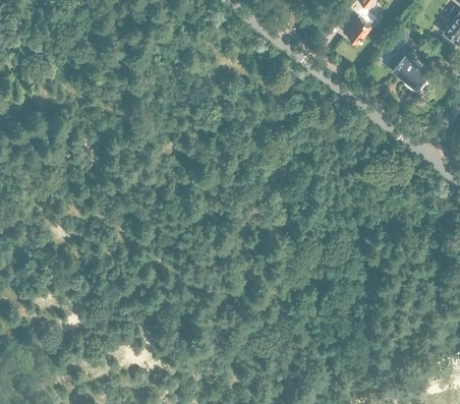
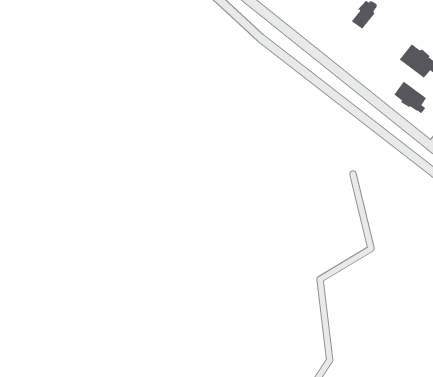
building: none -> [393,80,427,114]

